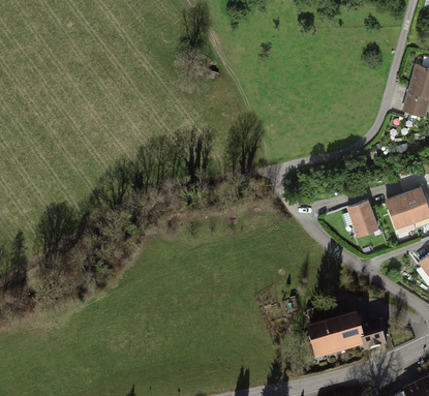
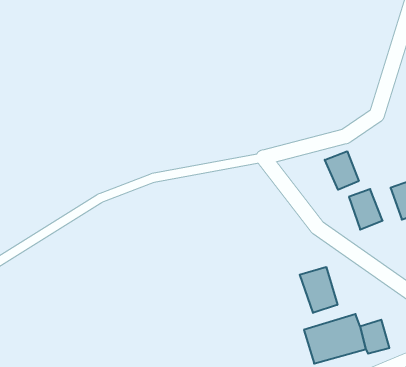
building: none -> [325,151,359,190]
building: none -> [300,267,337,313]

